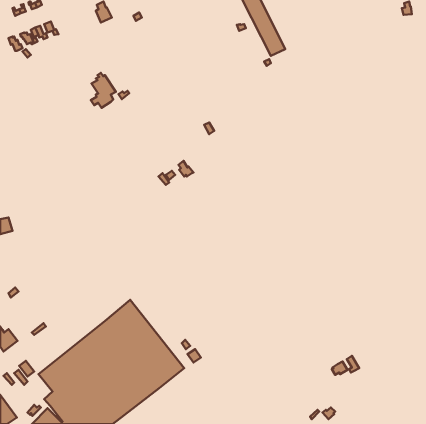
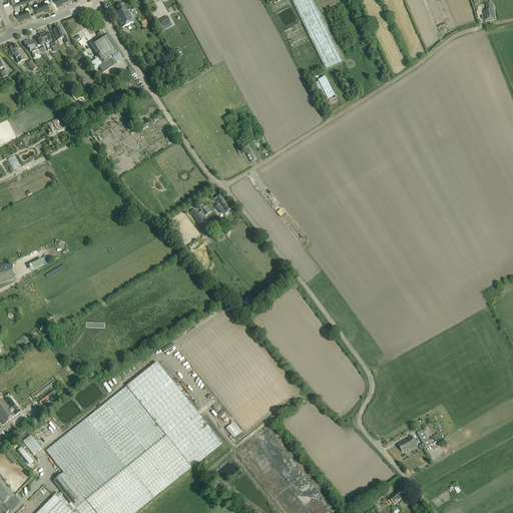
building: [91,73,116,108] -> [89,30,119,72]

